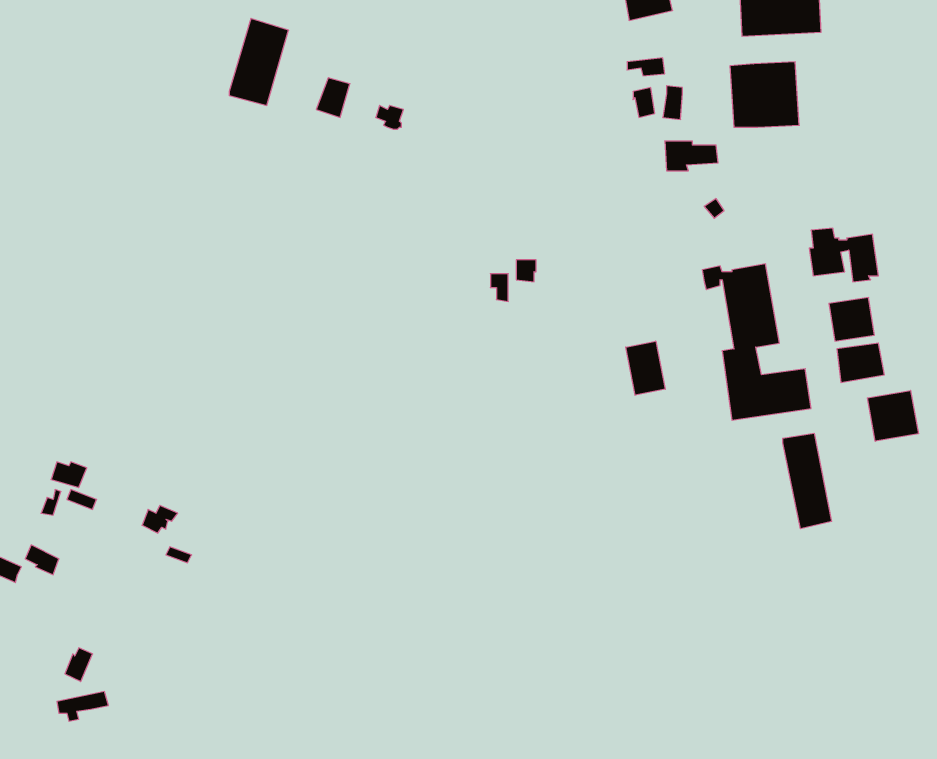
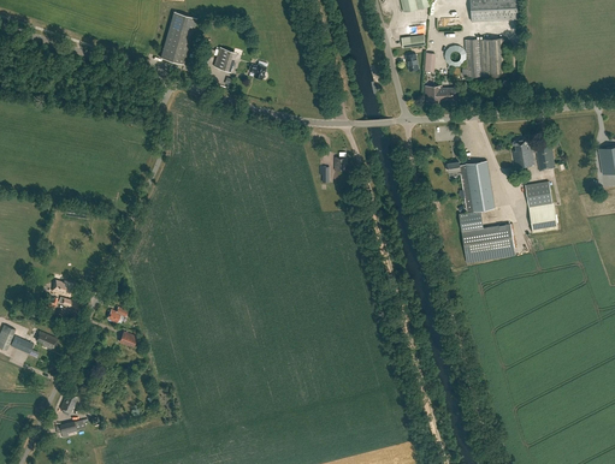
building: [626,341,665,395] -> none
building: [867,390,918,441] -> none
building: [783,433,832,529] -> none

